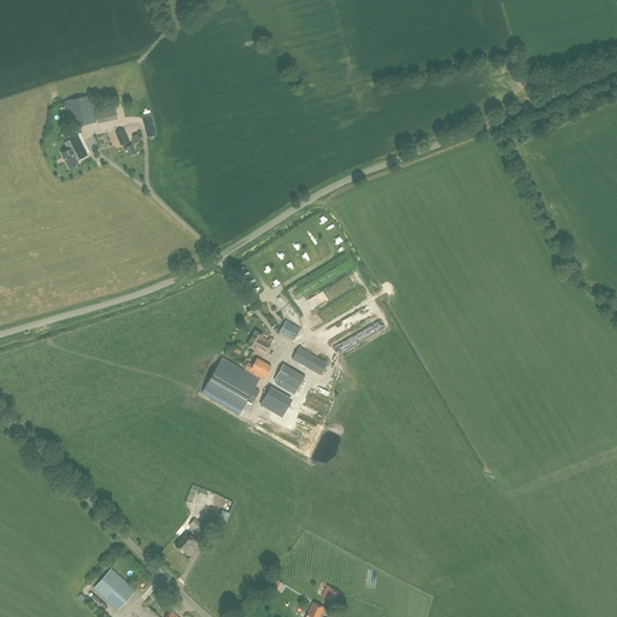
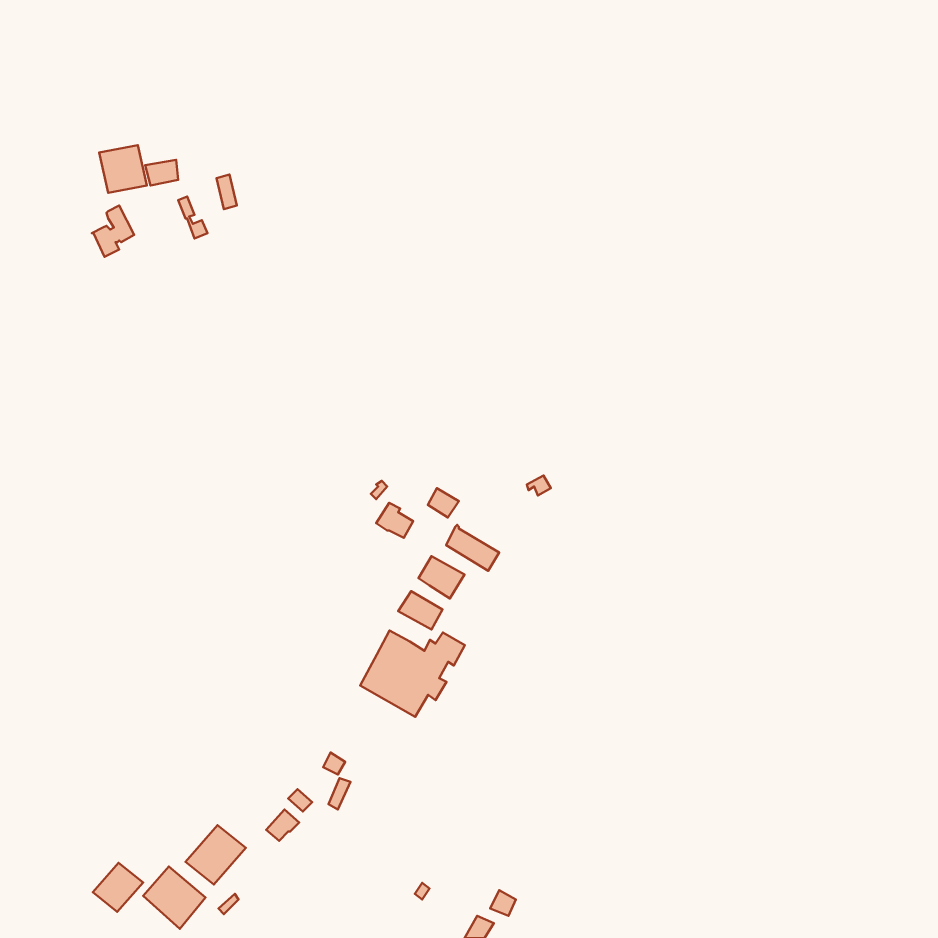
building: [202,357,271,413] -> [360,631,465,717]
building: none -> [186,825,246,884]
building: none -> [93,863,143,912]

